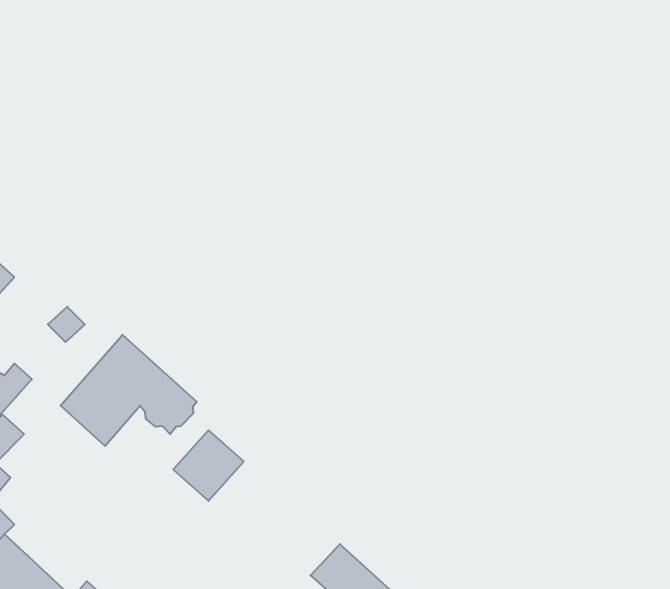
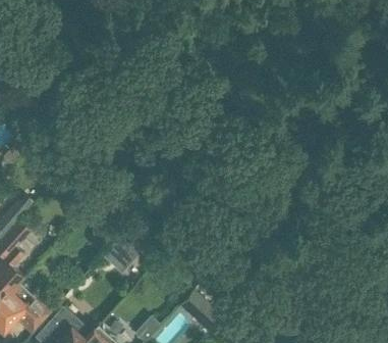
building: [60,335,197,446] -> none

